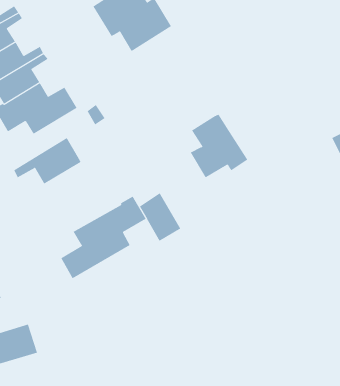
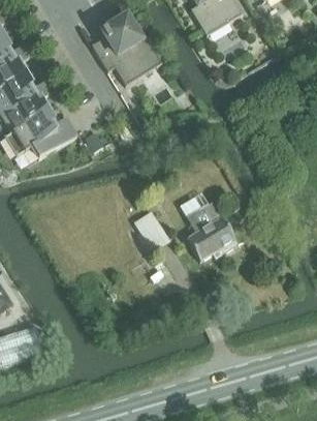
building: [190,114,248,178] -> [186,201,237,258]
building: [14,137,81,185] -> none
building: [60,196,146,279] -> none

